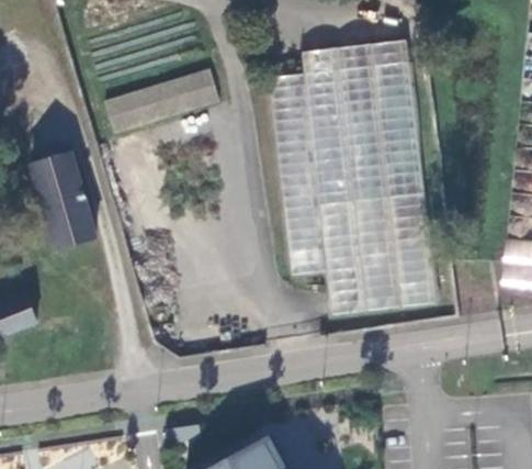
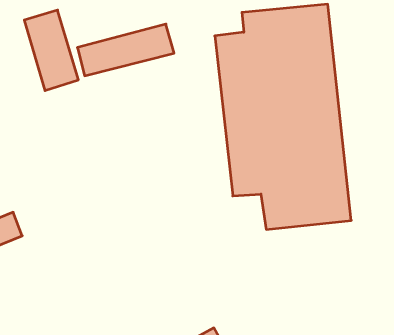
building: [31,154,97,252] -> [24,10,78,91]

